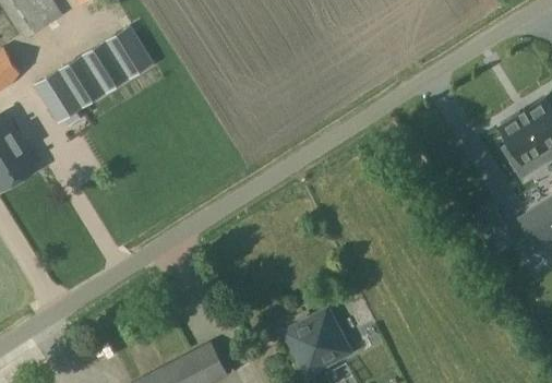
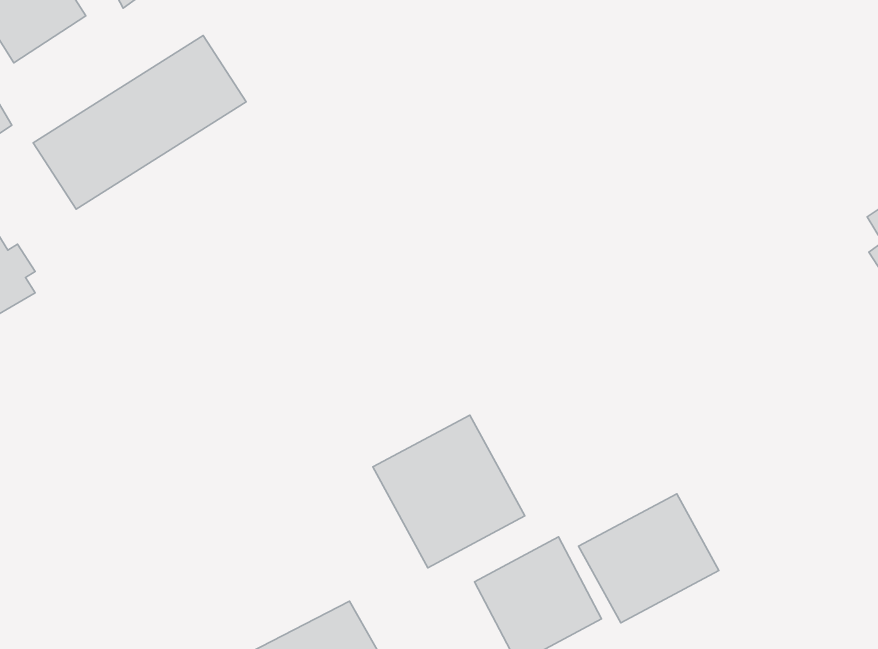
building: none -> [373,415,525,568]
building: none -> [579,494,719,623]

